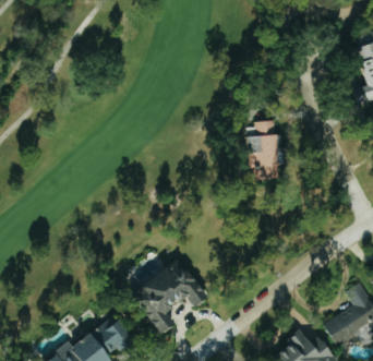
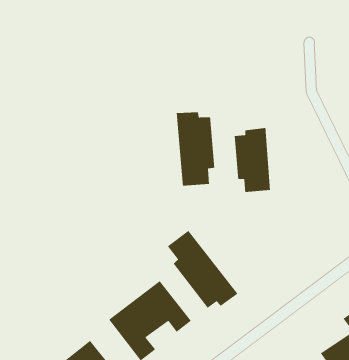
building: none -> [176,111,215,187]
building: none -> [167,230,239,309]

